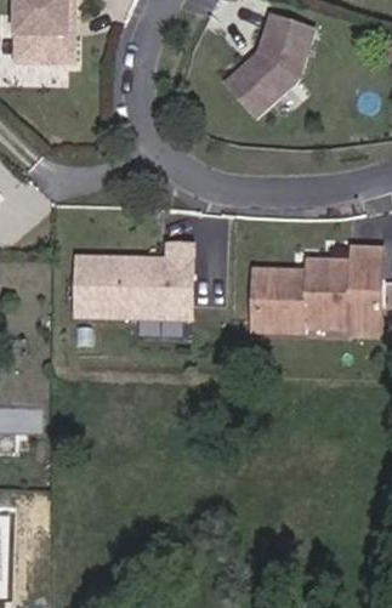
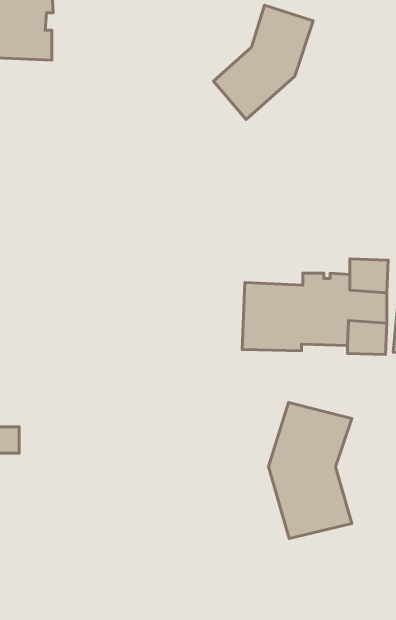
building: [74,244,192,318] -> none
building: none -> [268,402,352,539]

